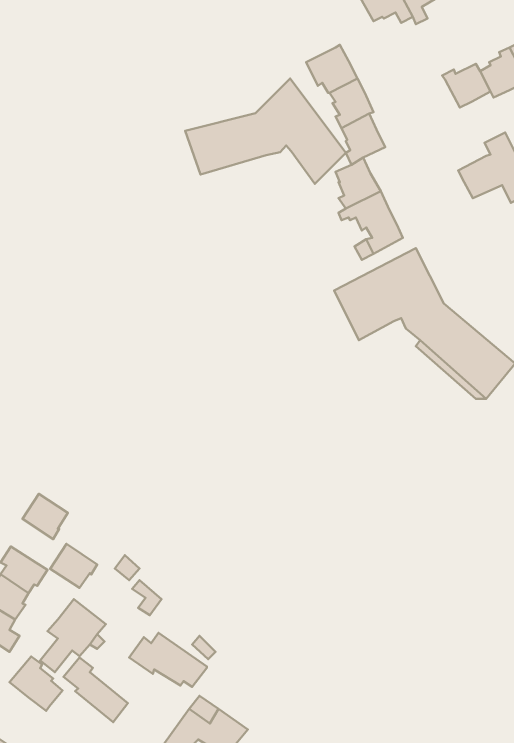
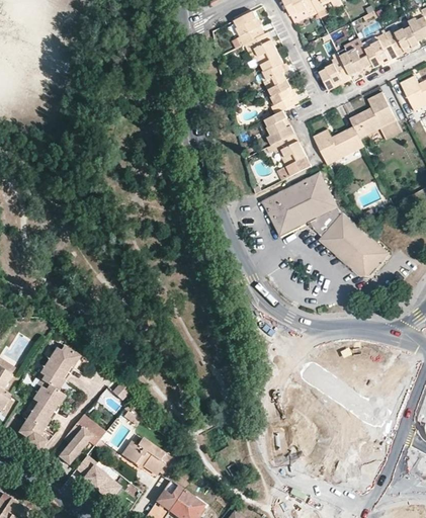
building: none -> [235,11,264,46]
building: [185,78,346,184] -> none
building: none -> [319,56,351,90]
building: none -> [313,126,363,165]
building: [50,544,97,588] -> [36,359,69,390]
building: [9,656,62,711] -> none

